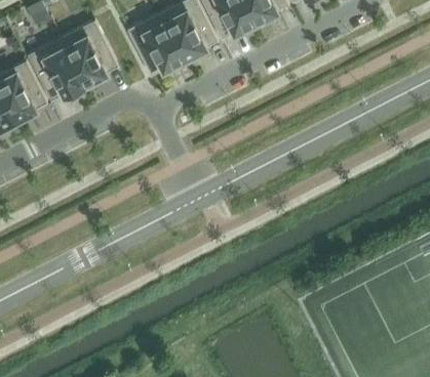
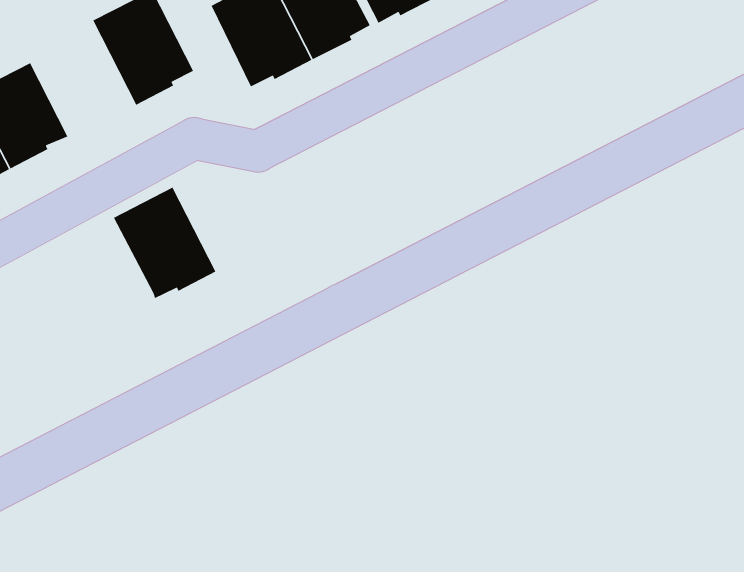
building: [27,40,85,103] -> [113,186,217,299]

